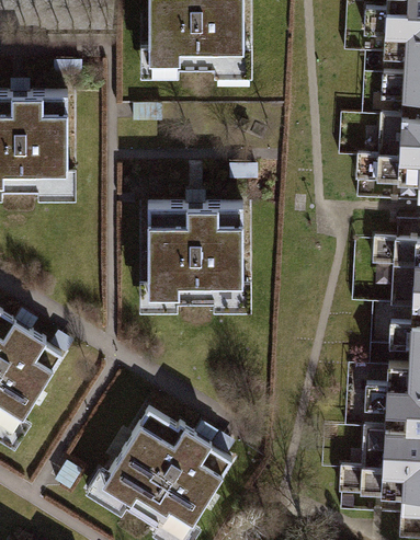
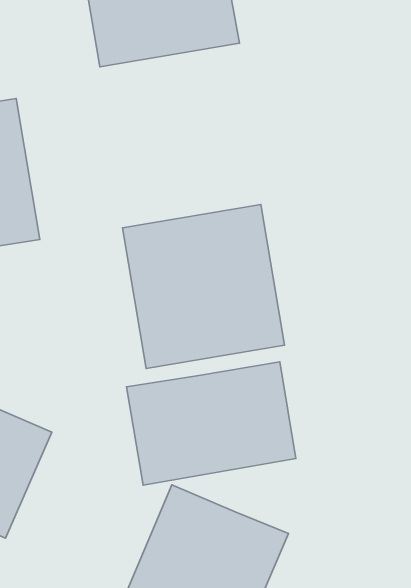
building: none -> [126,362,296,485]

